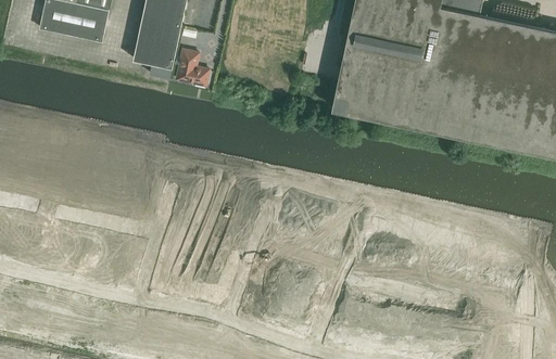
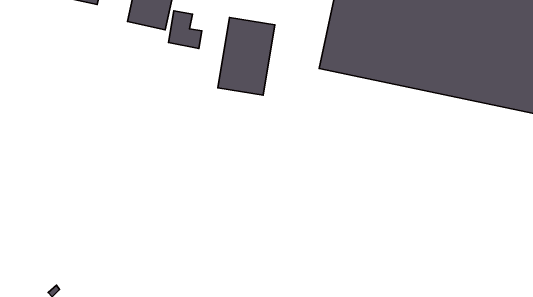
building: none -> [218,17,275,95]

